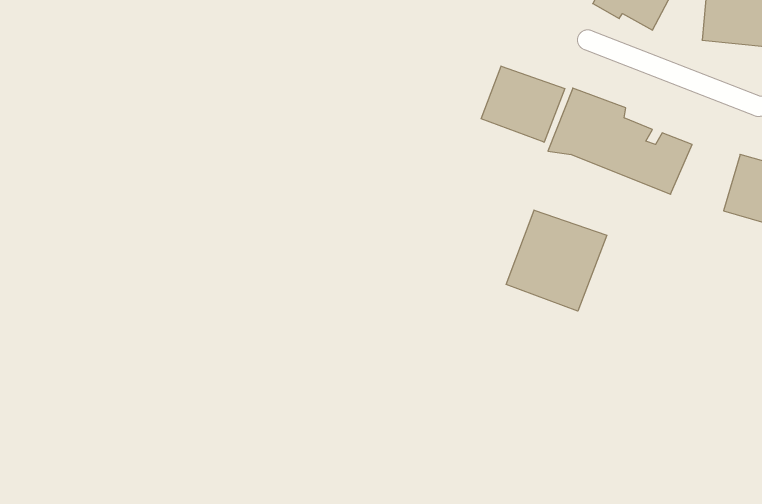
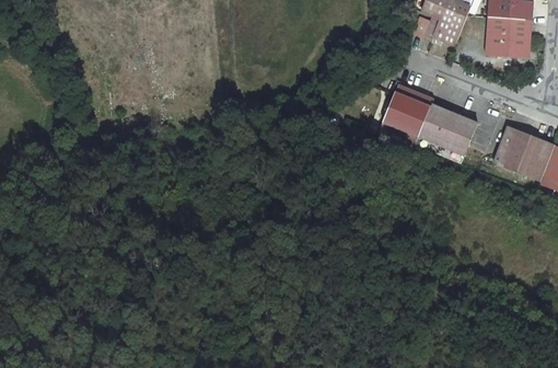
building: [481,66,565,142] -> none
building: [506,210,607,311] -> none

